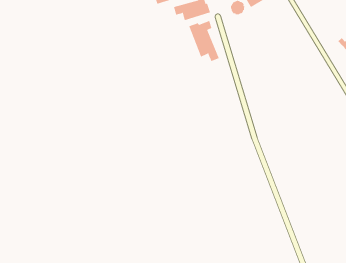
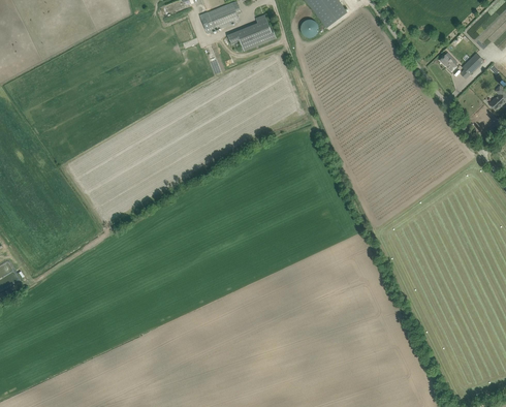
building: [188,20,220,62] -> none

